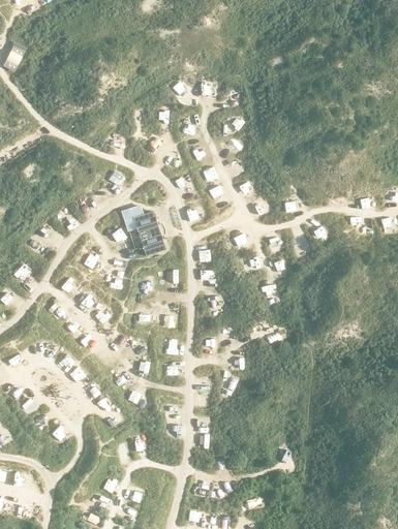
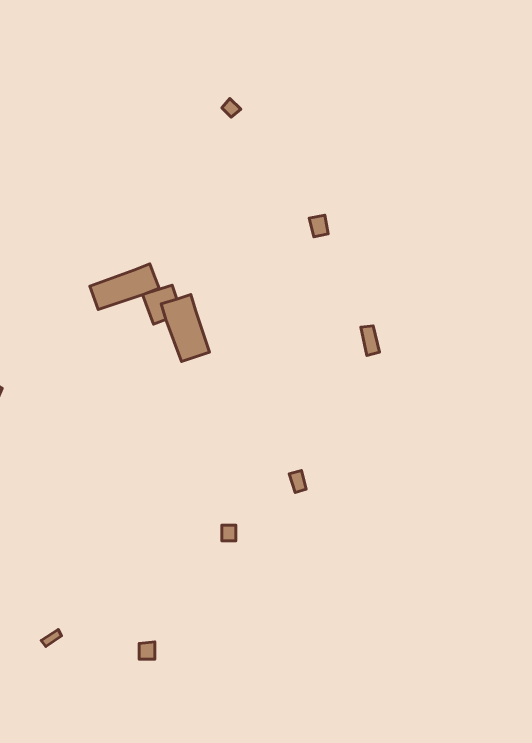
building: none -> [90,264,159,309]

